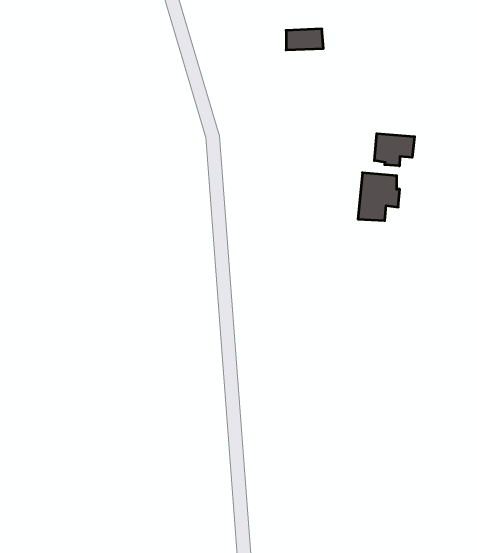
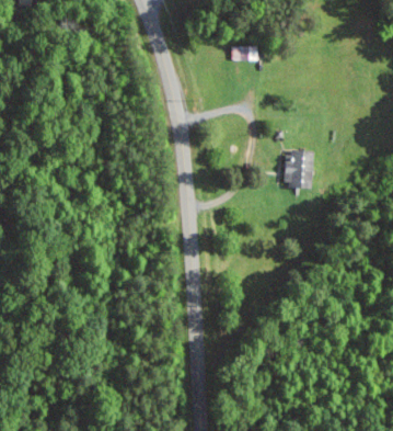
building: [374,134,415,166] -> none

